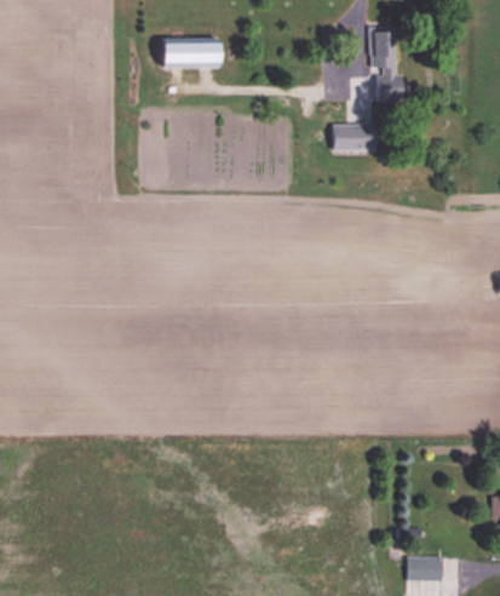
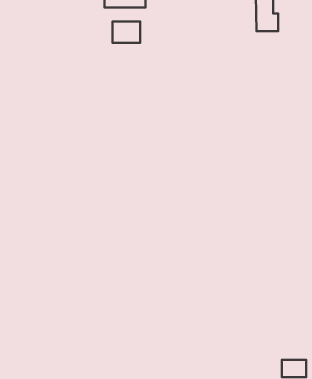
building: none -> [112,22,140,43]
building: [333,124,375,150] -> none

